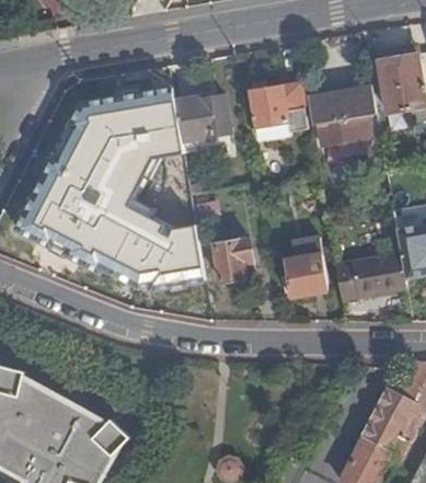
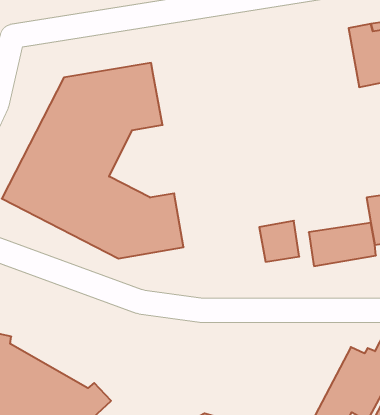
building: [308,78,377,143] -> none
building: [250,80,308,139] -> none
building: [174,93,232,152] -> none
building: [214,238,252,279] -> none

